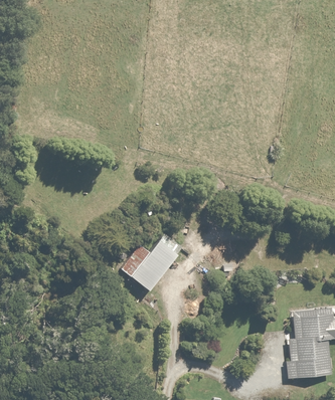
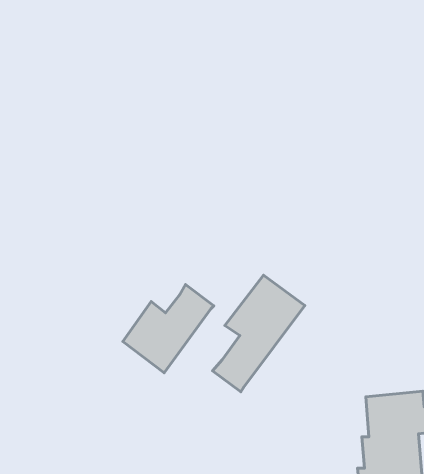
building: none -> [212,275,305,392]

